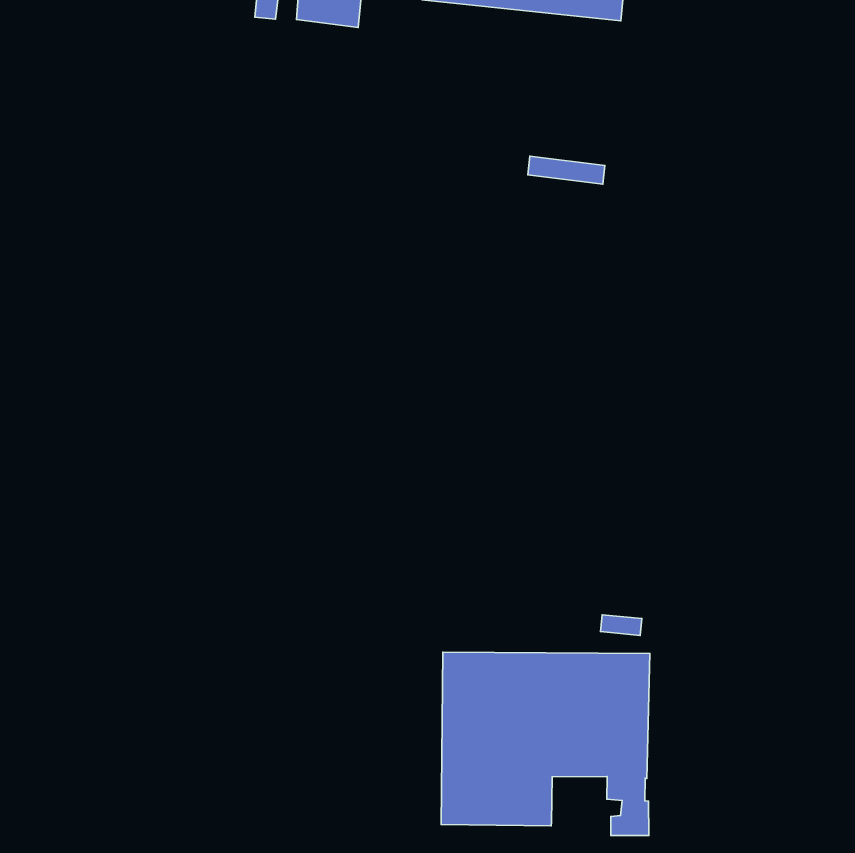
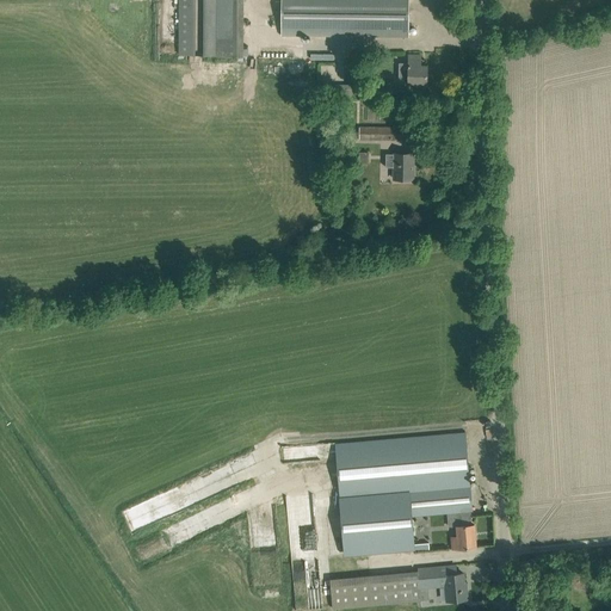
building: none -> [397,55,426,84]
building: none -> [384,154,412,179]

